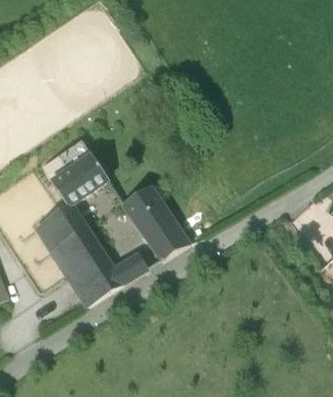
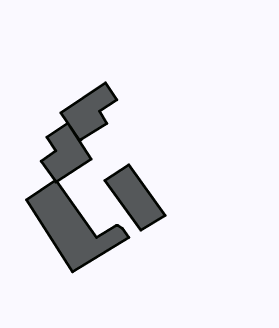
building: none -> [61,83,117,141]

